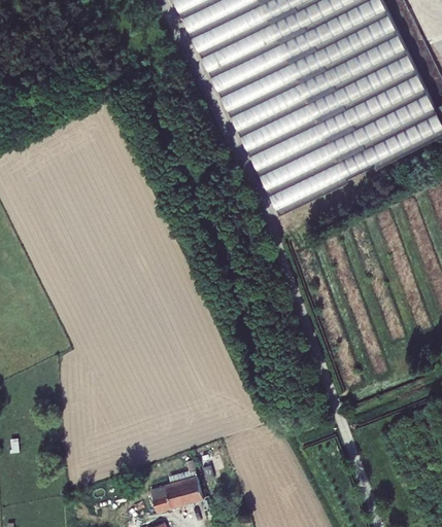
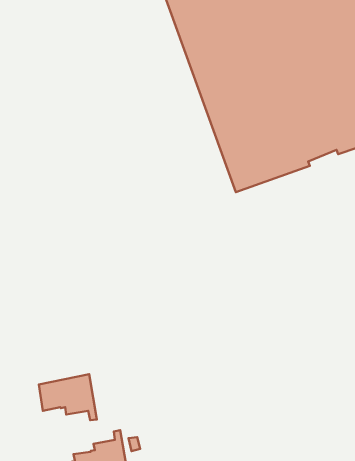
building: none -> [39,374,97,420]

